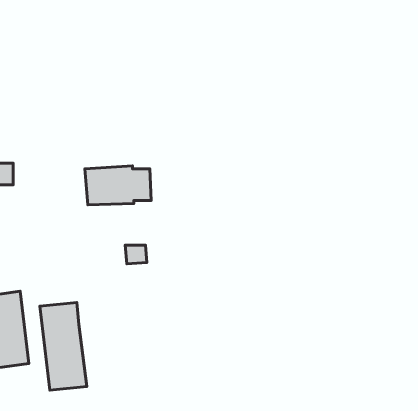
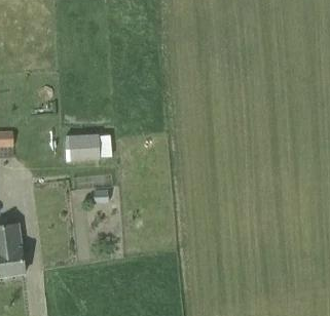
building: [40,303,87,390] -> none

